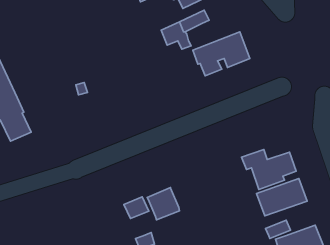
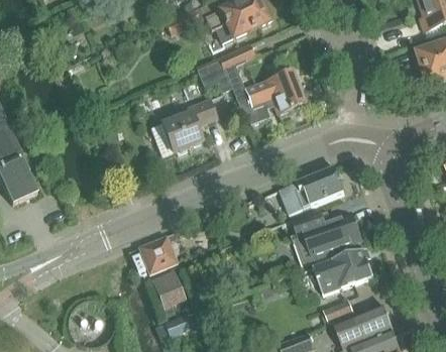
building: none -> [151,98,218,157]
building: none -> [281,166,345,214]
building: [147,187,180,220] -> [138,234,178,273]

